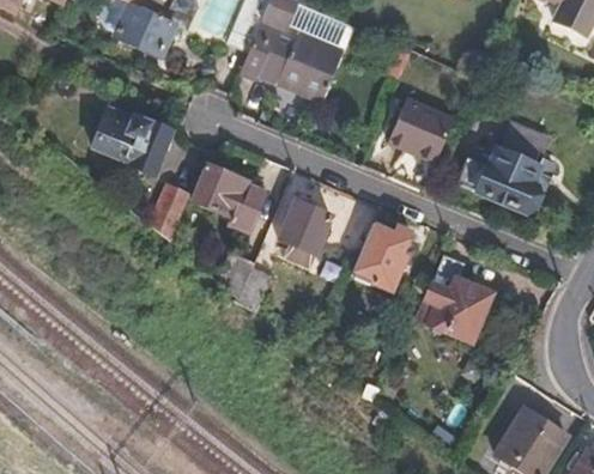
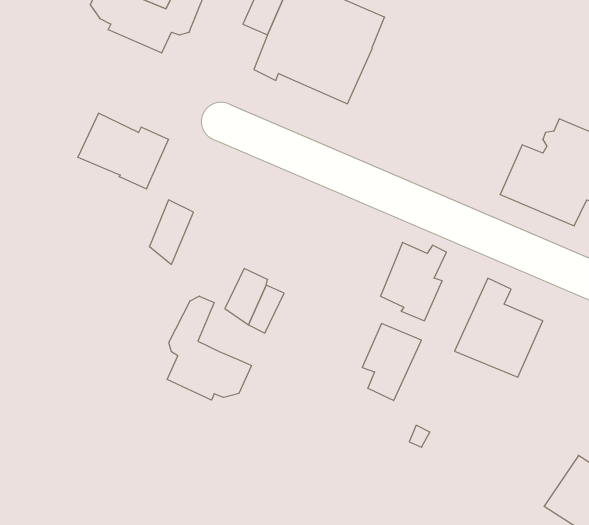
building: [388,99,454,162] -> none
building: [193,164,268,231] -> none
building: [280,201,332,268] -> [362,324,421,401]
building: none -> [167,296,252,400]

